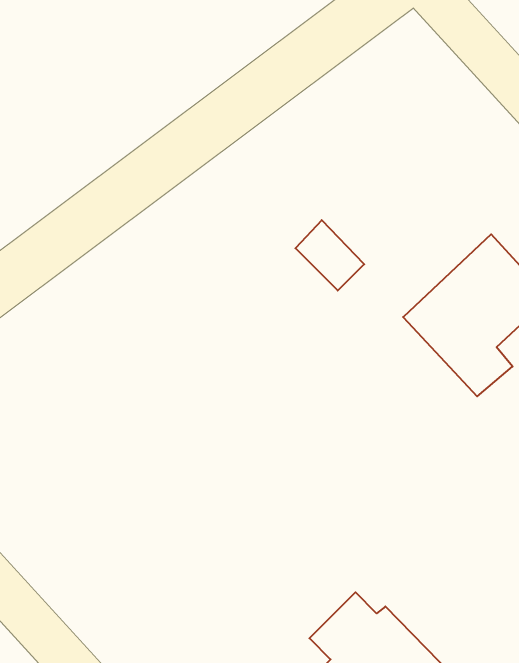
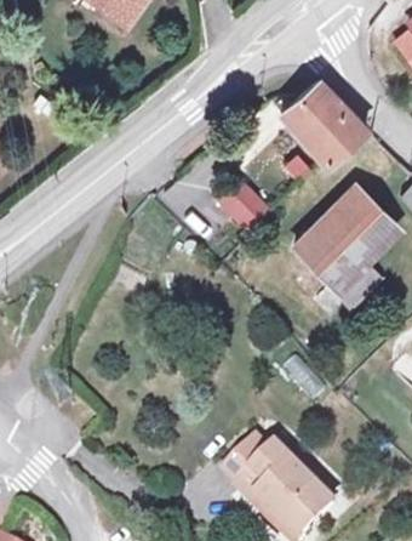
building: none -> [279,85,364,164]

